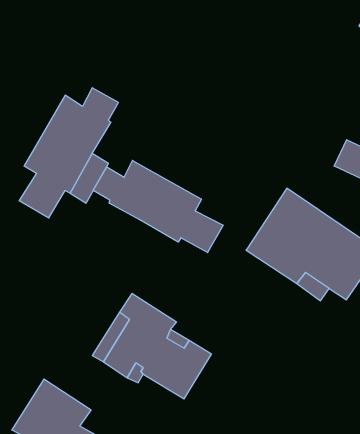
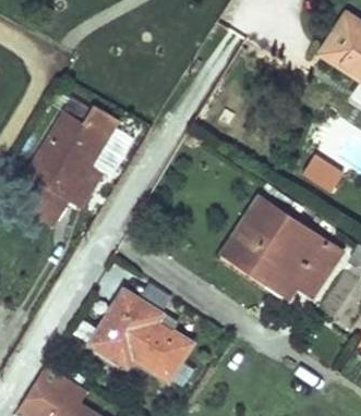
building: [93,160,223,253] -> none

